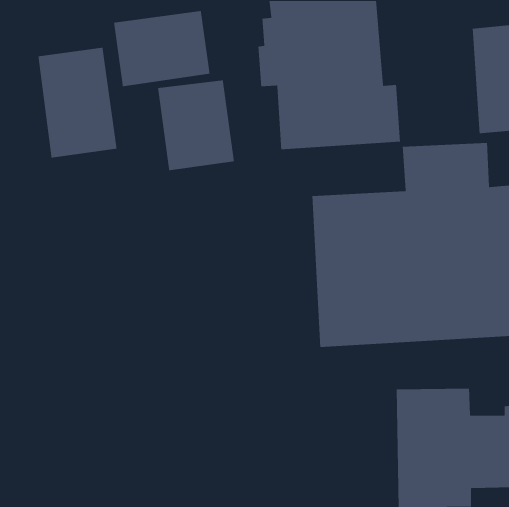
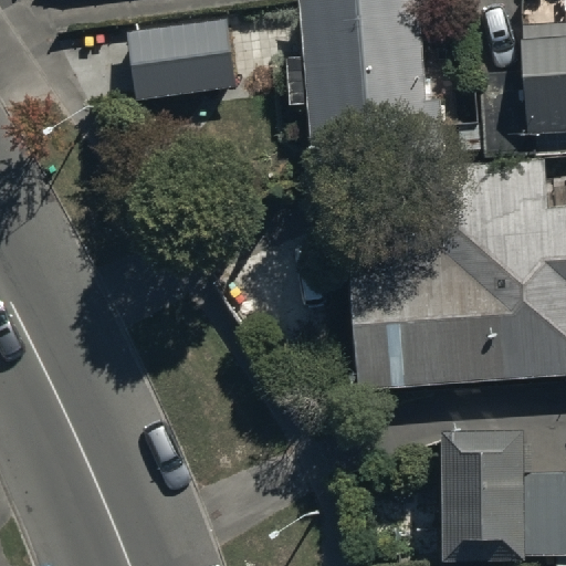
building: [37,47,118,158] -> none
building: [157,79,235,171] -> none

